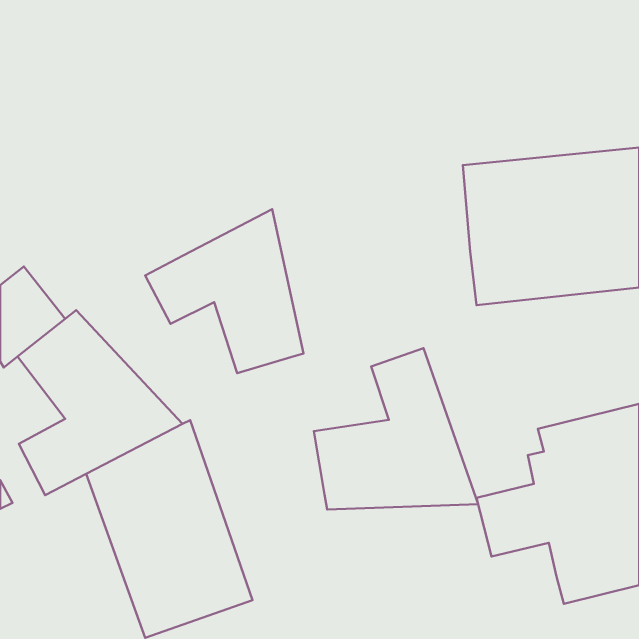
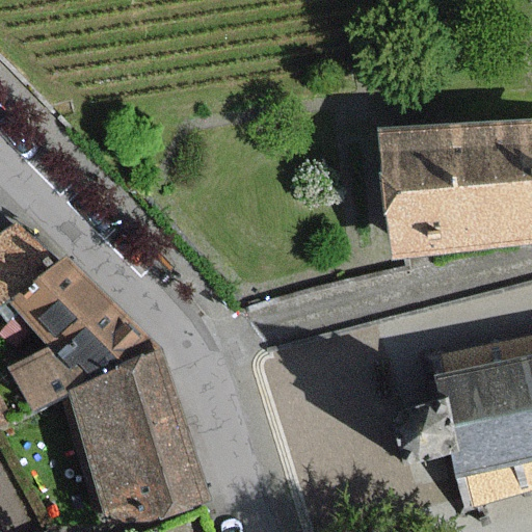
building: [145,209,304,373] -> none
building: [314,348,478,510] -> none

